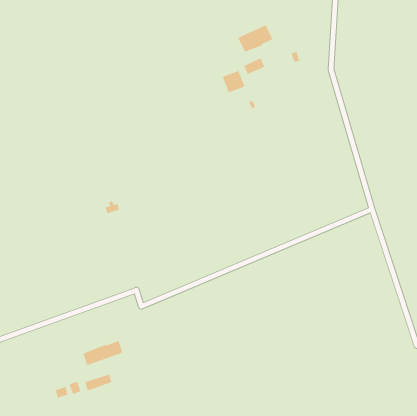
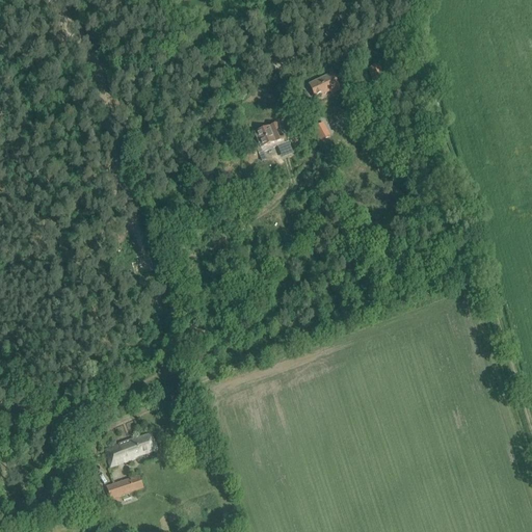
building: [237,24,273,53] -> none
building: [222,70,245,94] -> [255,121,285,151]

